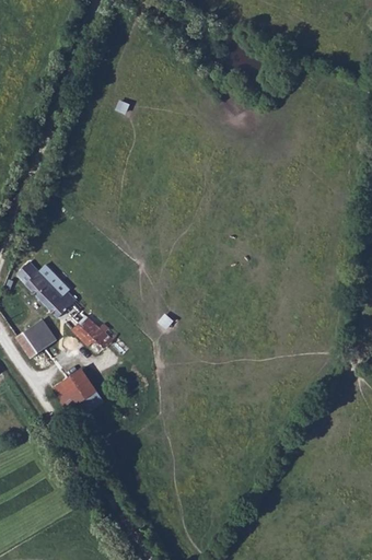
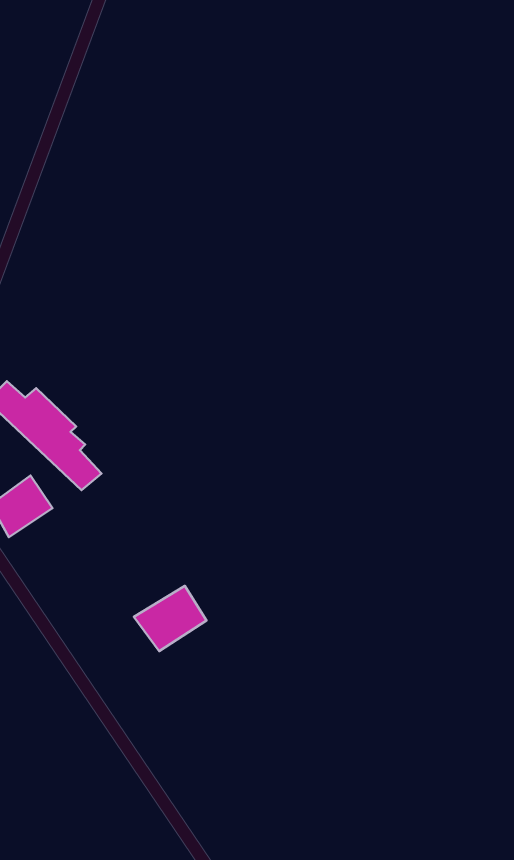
building: [75,320,112,355] -> none
building: [49,368,93,407] -> [134,586,207,651]

